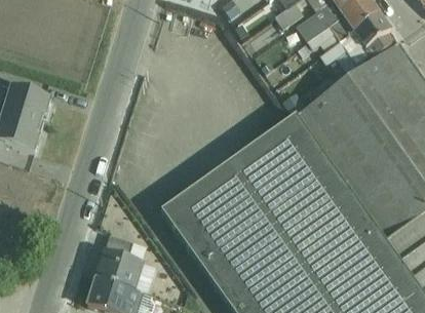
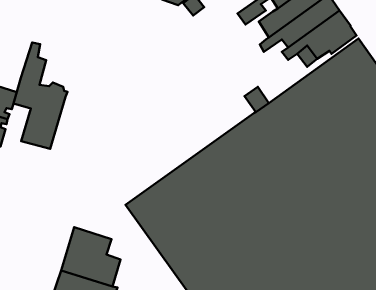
building: none -> [13,43,67,149]

